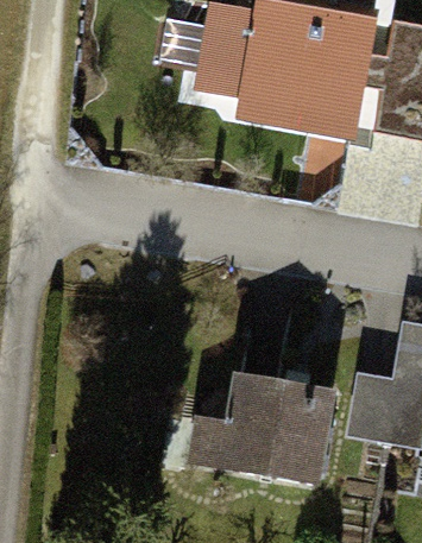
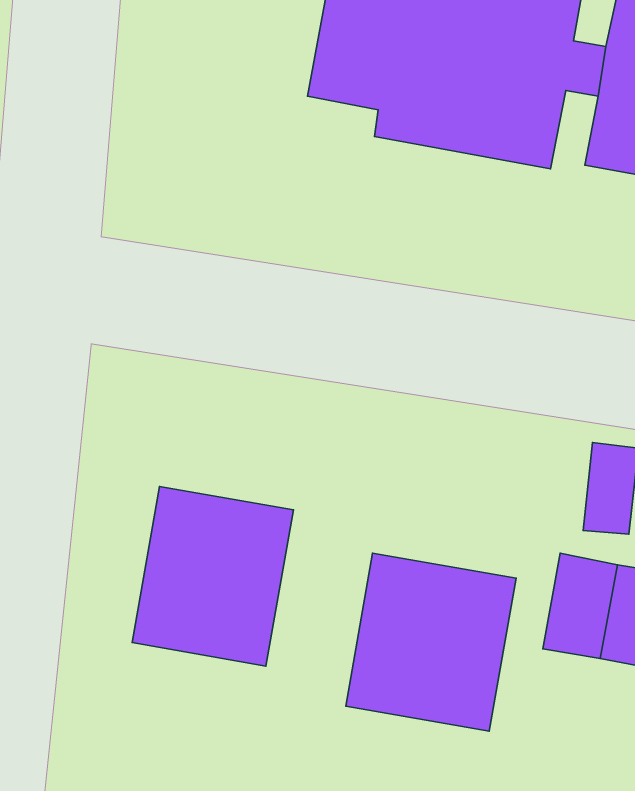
building: none -> [132,487,293,666]

